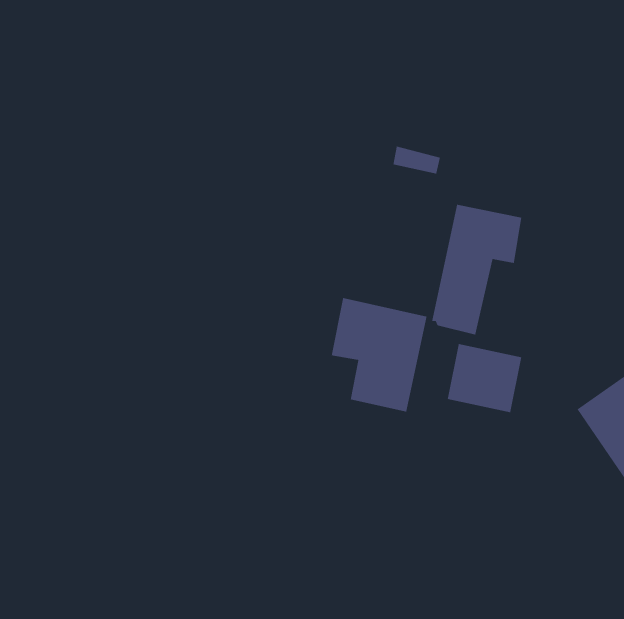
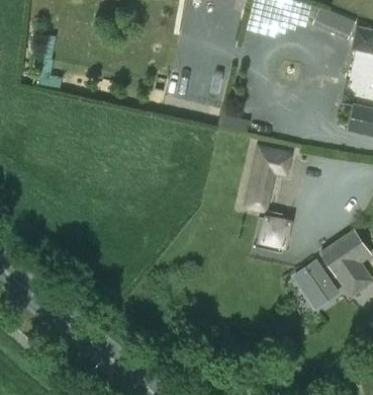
building: [331,297,427,412] -> none
building: none -> [292,259,338,307]

